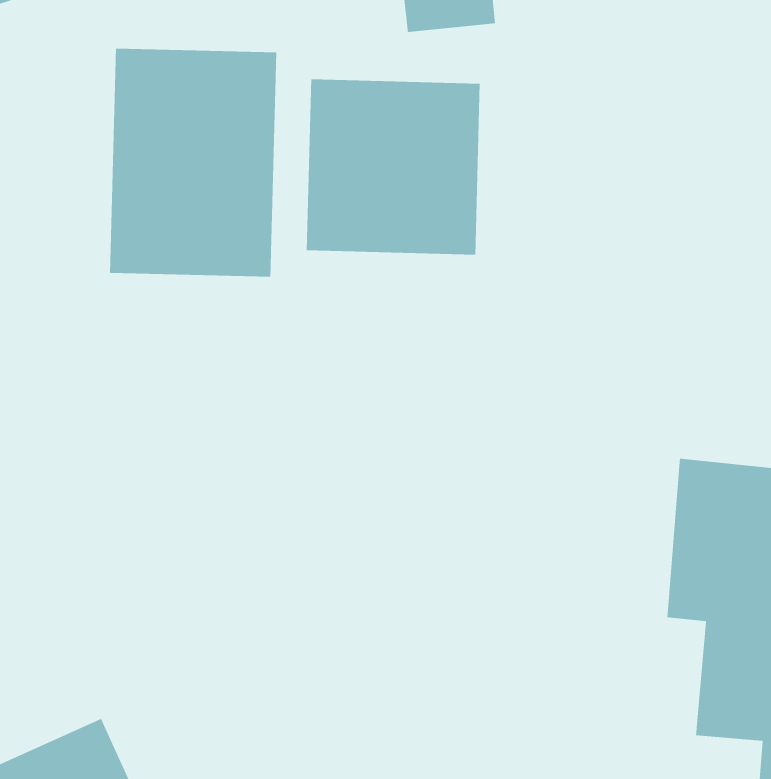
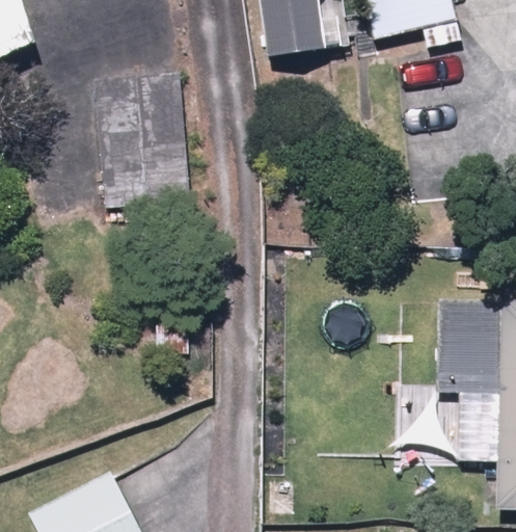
building: [306,79,481,256] -> none

